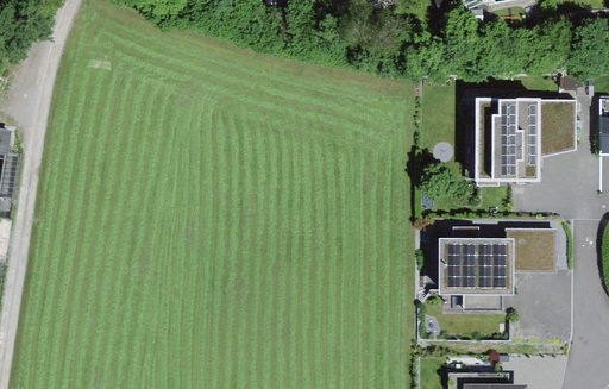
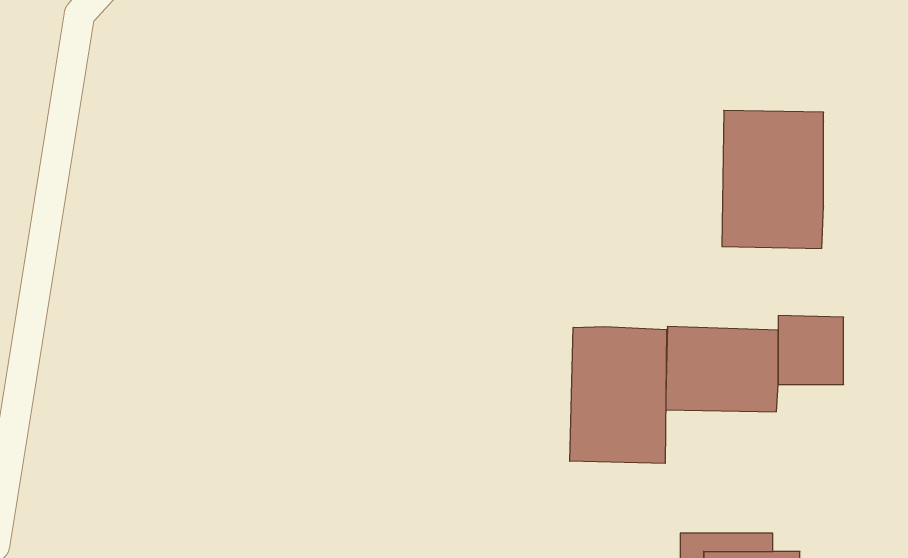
building: [541,101,576,158] -> none
building: none -> [570,327,667,463]

